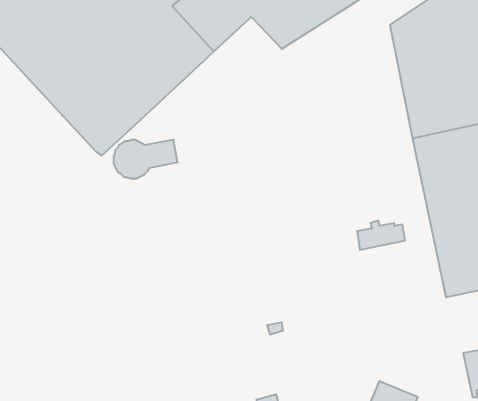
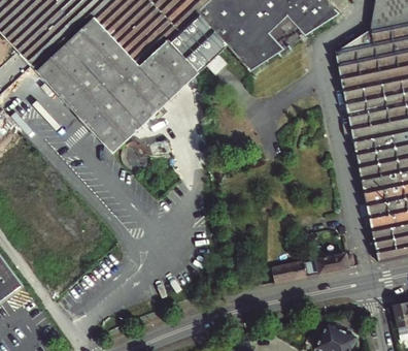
building: [357,221,405,250] -> [317,252,354,275]
building: none -> [273,261,308,284]

